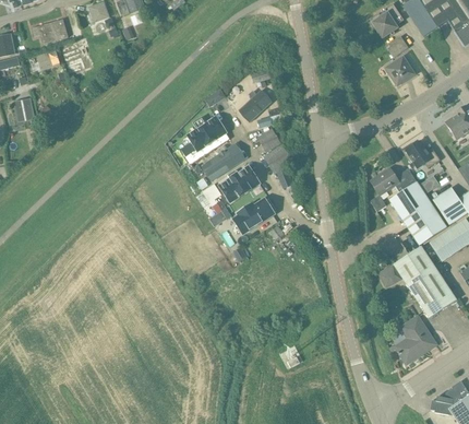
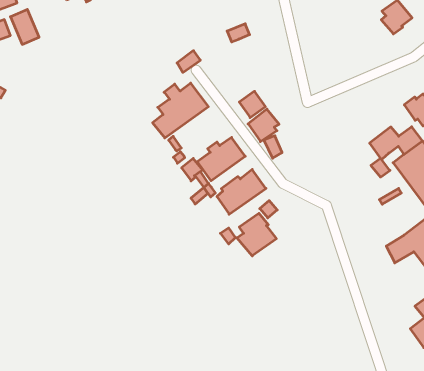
building: [238,89,273,122] -> none
building: [201,143,244,180] -> none
building: none -> [237,213,276,256]

